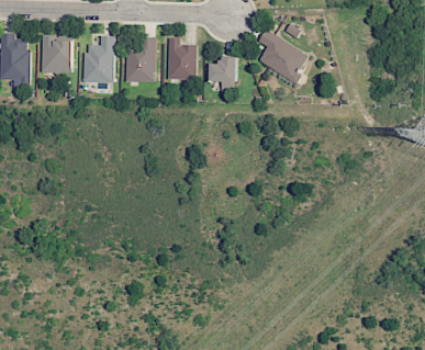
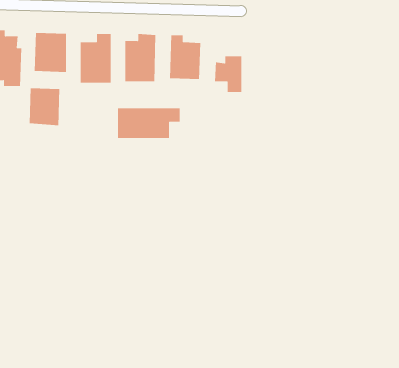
building: [258,30,310,81] -> none
building: none -> [29,88,60,126]
building: none -> [117,107,180,139]

